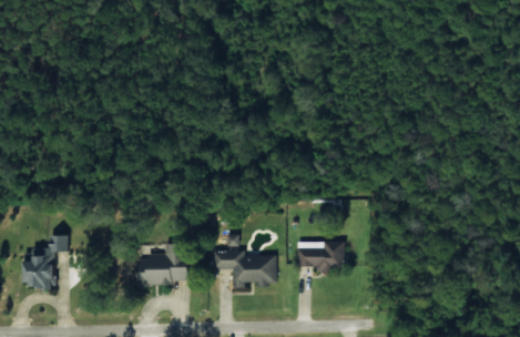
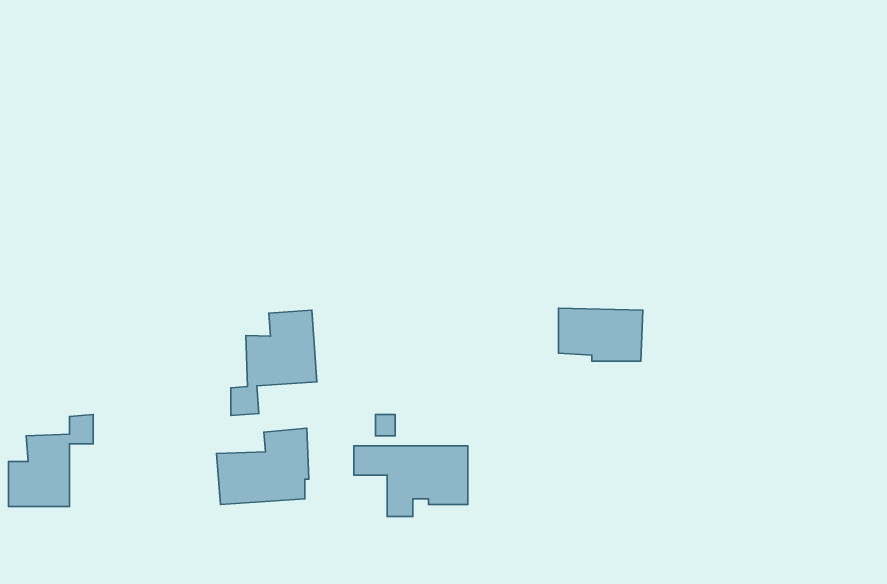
building: none -> [231,310,317,416]
building: [297,242,345,272] -> [558,308,643,361]

